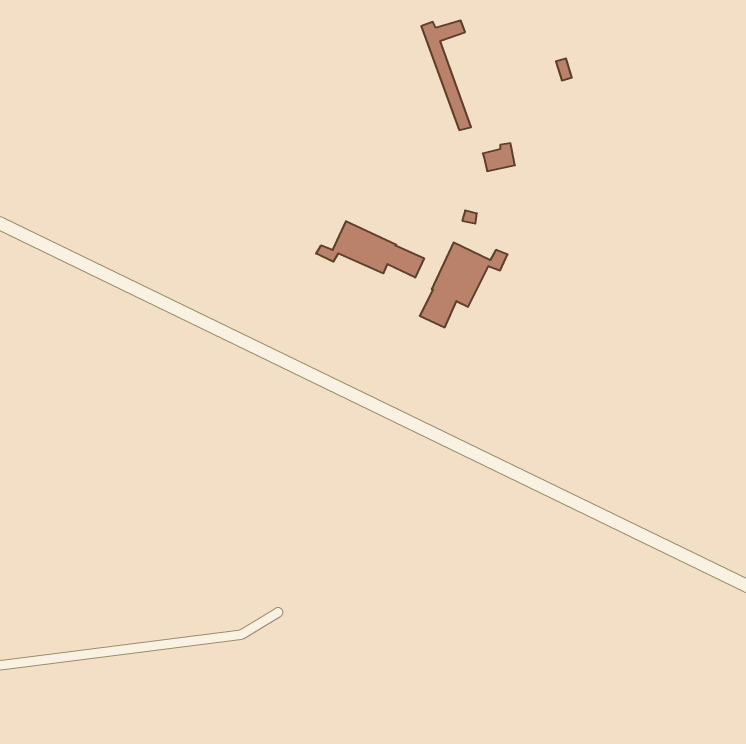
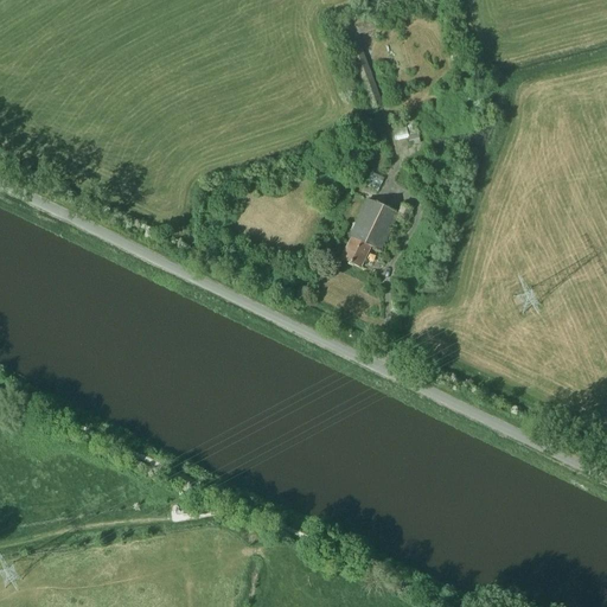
building: [316,221,424,278] -> none

